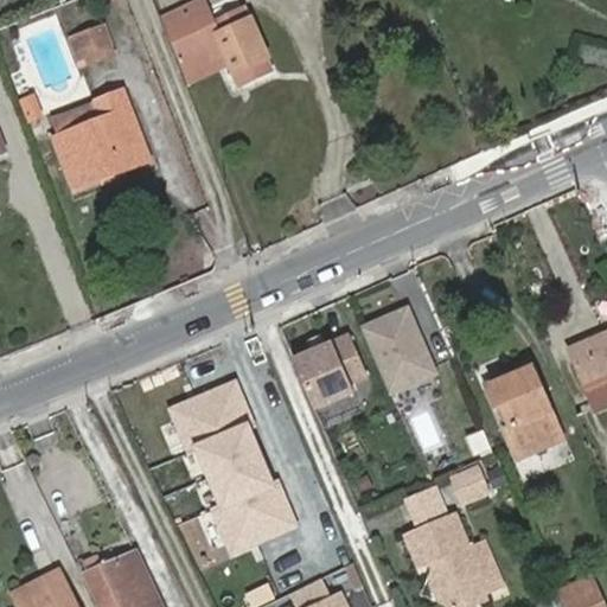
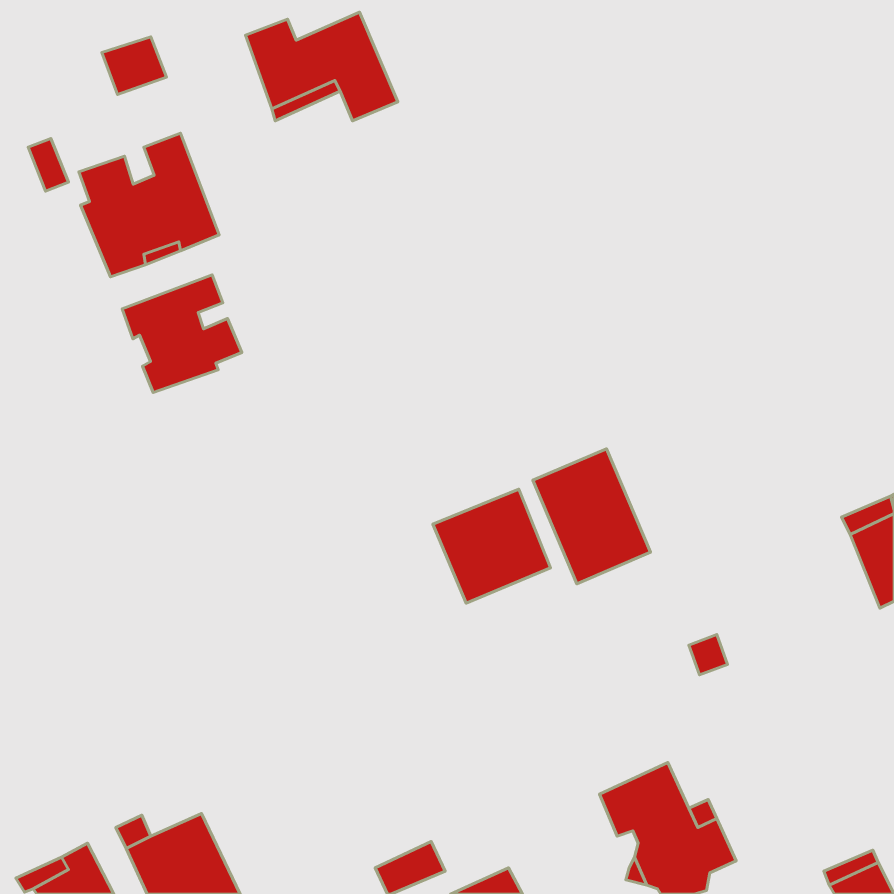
building: none -> [122,275,242,393]
building: [486,365,563,459] -> none
building: [171,381,296,548] -> none
building: [448,464,492,507] -> none
building: [403,485,449,526] -> none

